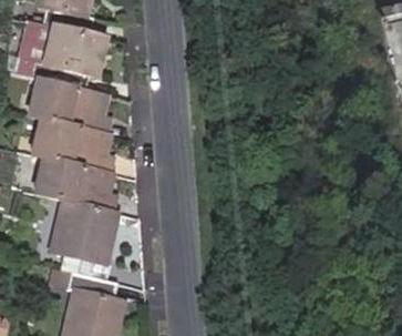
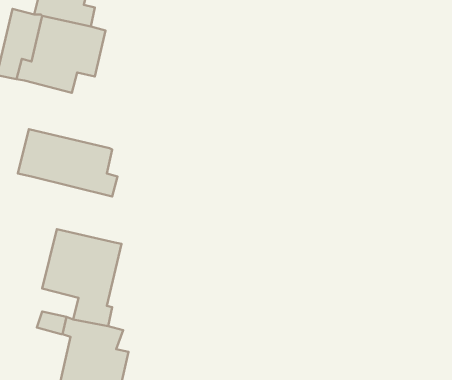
building: [25,79,107,134] -> none
building: [32,157,112,212] -> none

